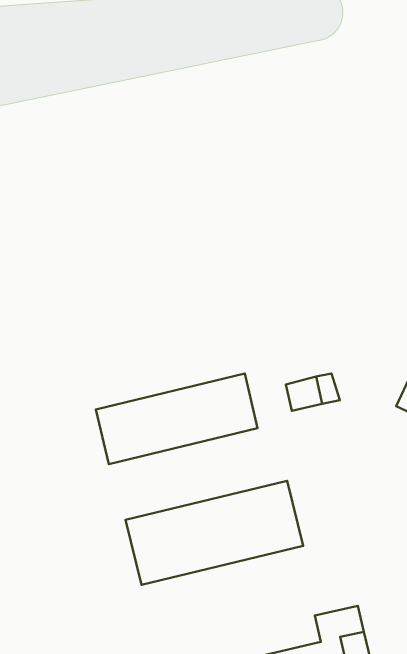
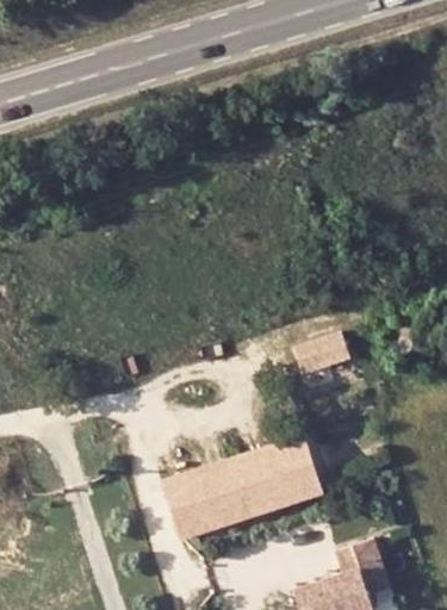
building: [96,373,258,464] -> none

